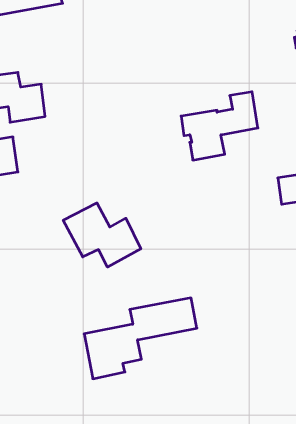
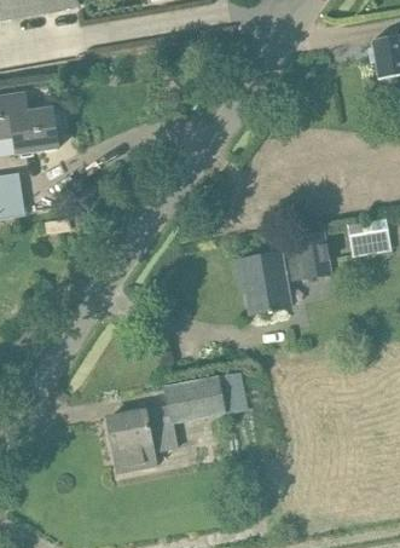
building: [181,92,258,160] -> [236,229,331,313]
building: [63,203,141,267] -> none

